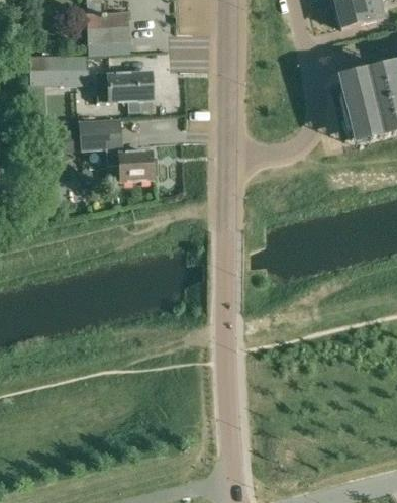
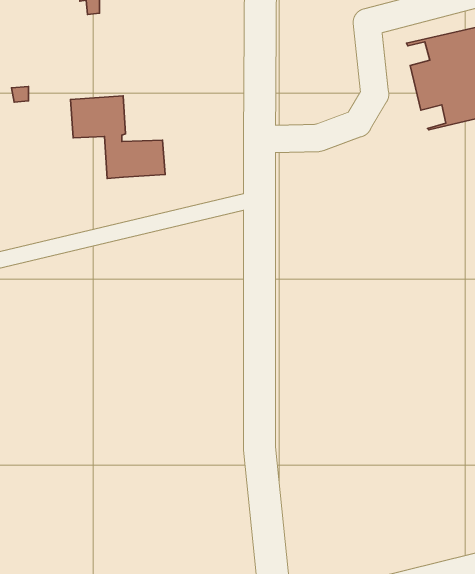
building: [30,53,88,84] -> none
building: [95,70,152,100] -> none

